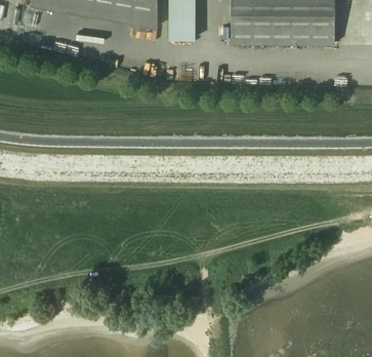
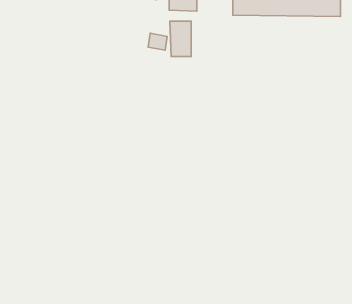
building: none -> [170,21,191,57]

